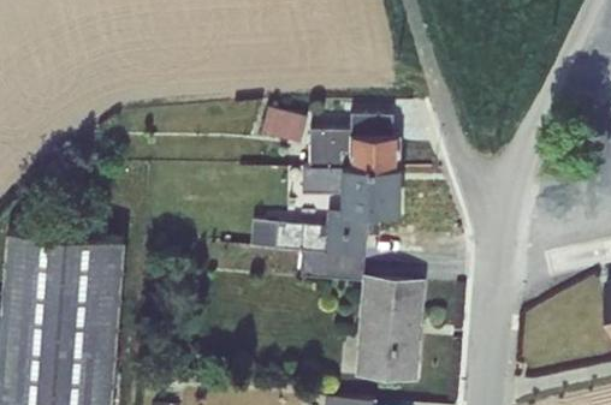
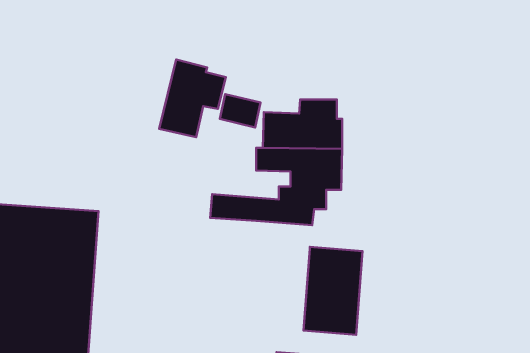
building: none -> [159,60,226,137]
building: [299,251,364,282] -> none

